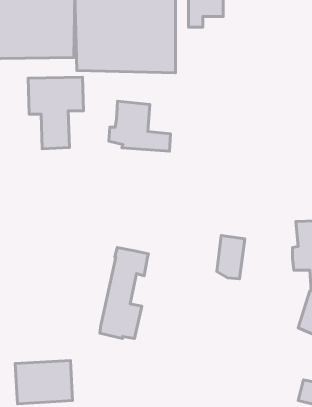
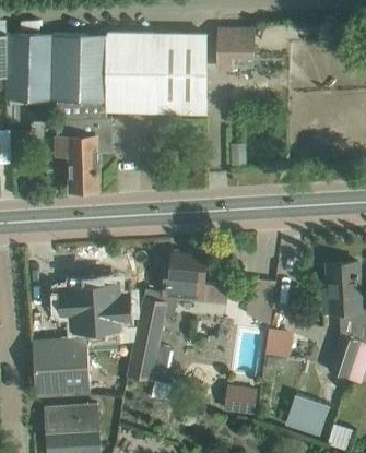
building: [109,101,171,151] -> [163,253,225,303]
building: none -> [32,285,129,394]
building: none -> [263,330,293,361]
building: none -> [223,383,258,415]
building: none -> [284,393,328,436]

